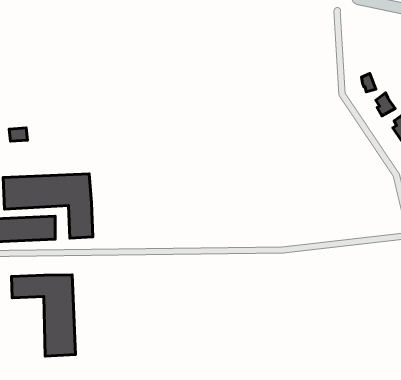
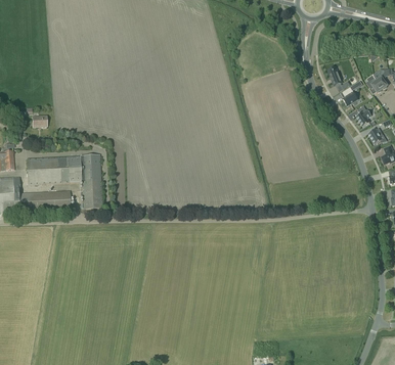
building: [12,275,76,356] -> none

